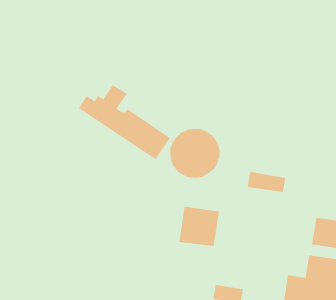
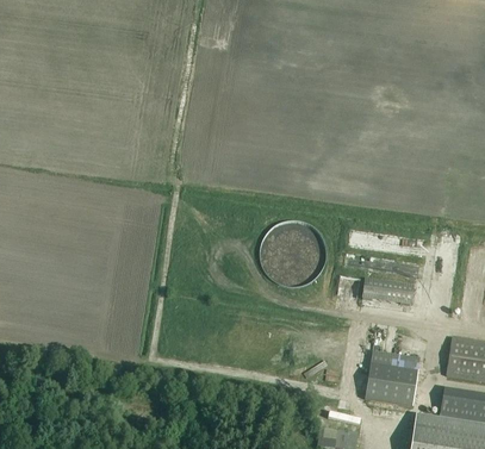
building: [78,84,171,160] -> none
building: [178,206,220,247] -> [365,350,419,405]

